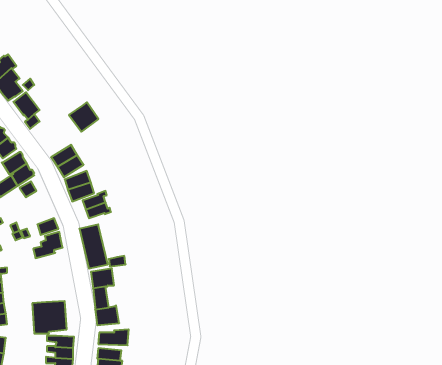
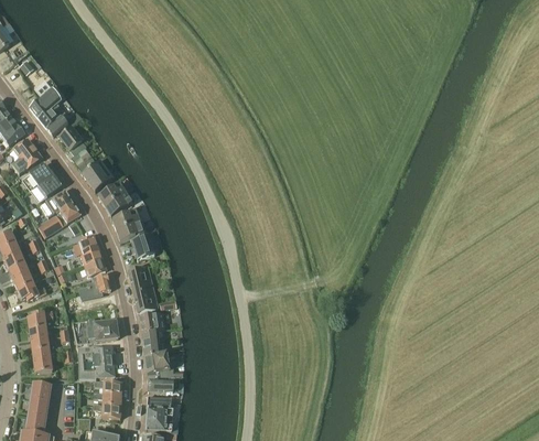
building: [69,102,98,132] -> [82,159,112,190]
building: none -> [78,235,101,265]
building: none -> [73,319,118,343]

